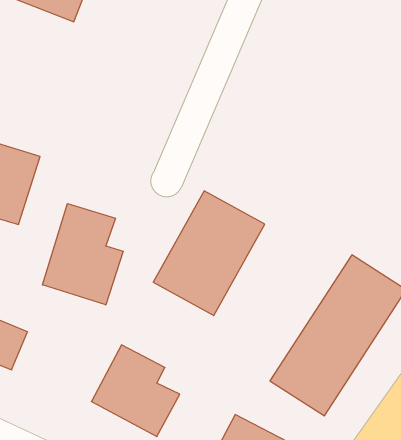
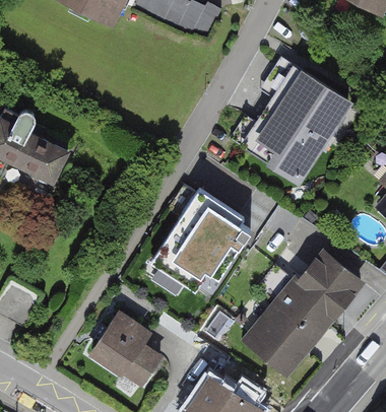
building: none -> [230,56,352,183]
building: [42,204,123,305] -> none

